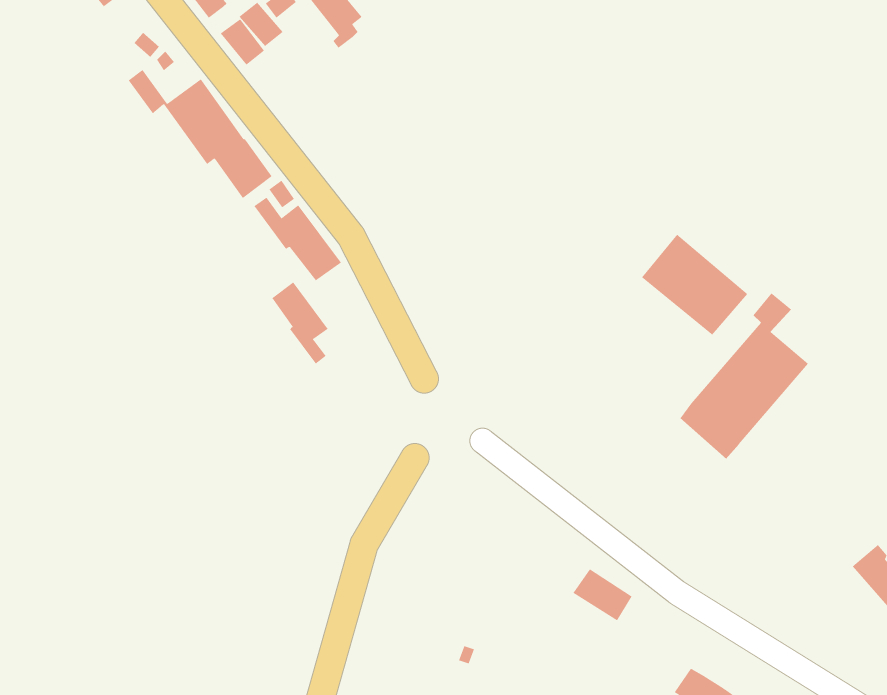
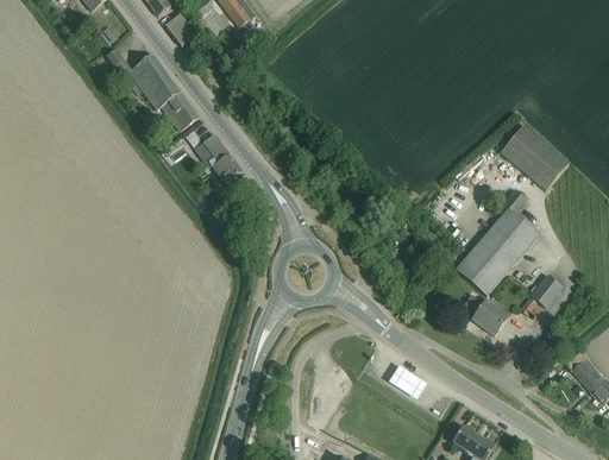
building: [641,234,748,335] -> [500,126,567,190]
building: [272,281,328,364] -> none
building: none -> [520,276,561,315]
building: none -> [469,298,508,335]

